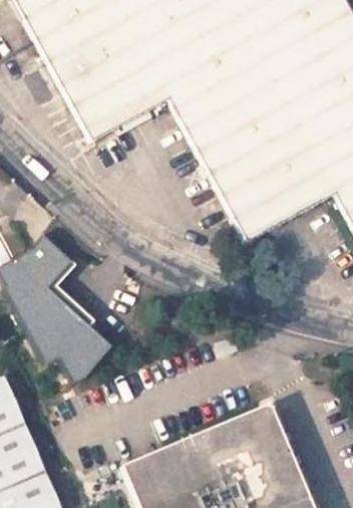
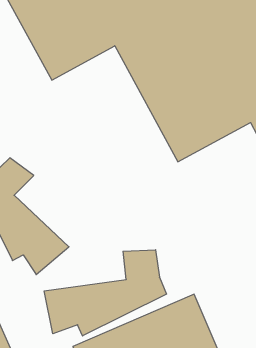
building: none -> [44,250,166,336]

